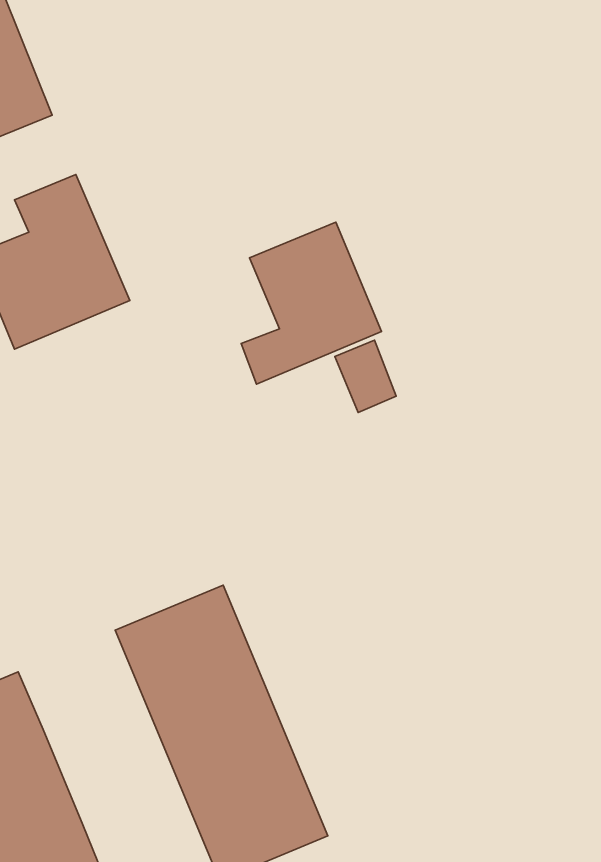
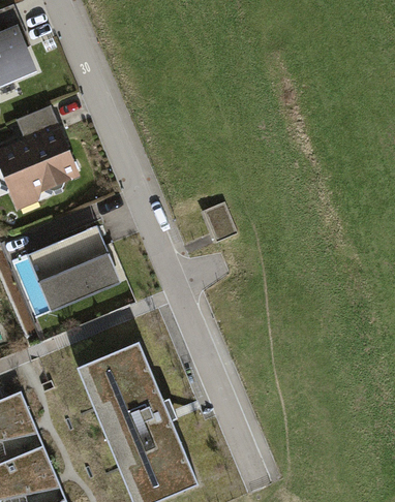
building: [241,222,382,384] -> none
building: none -> [26,226,120,312]

